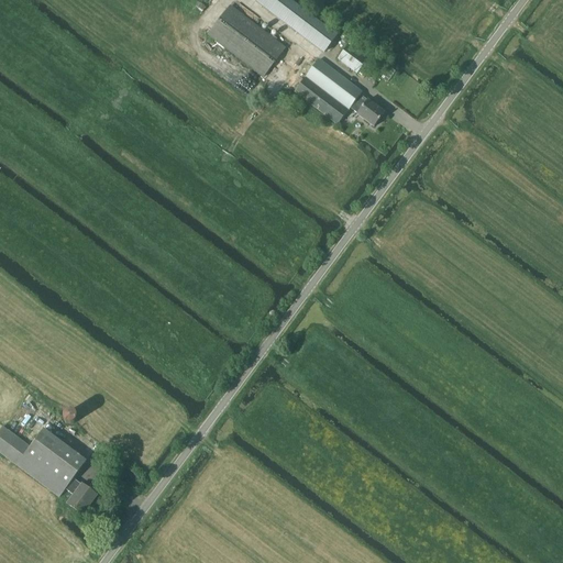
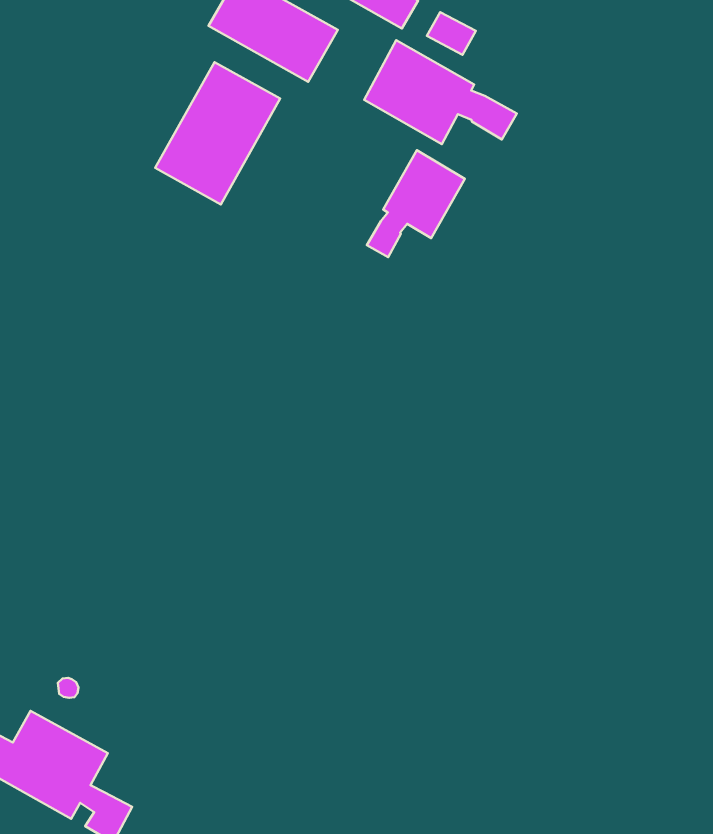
building: none -> [155,62,280,204]
building: none -> [367,150,465,257]

